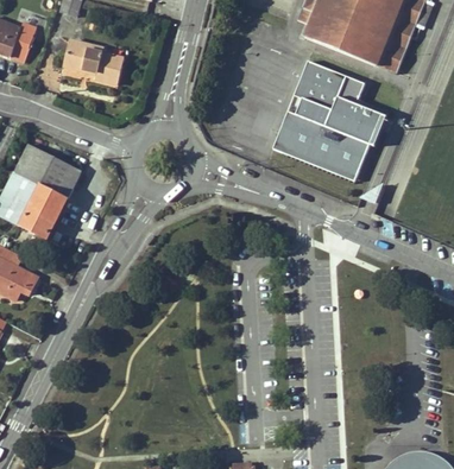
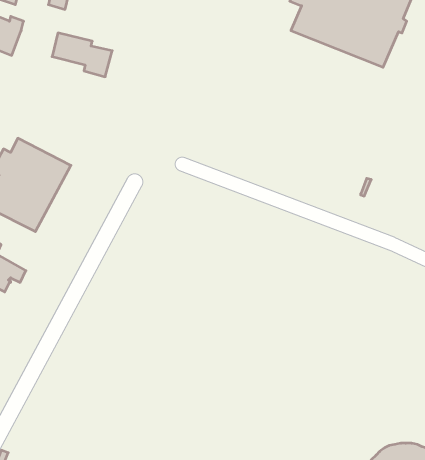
building: [275,59,387,179] -> none

